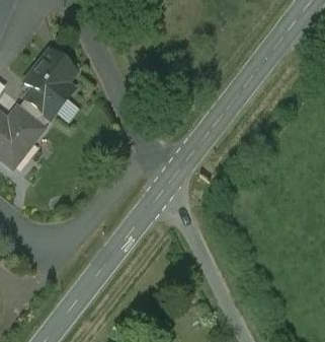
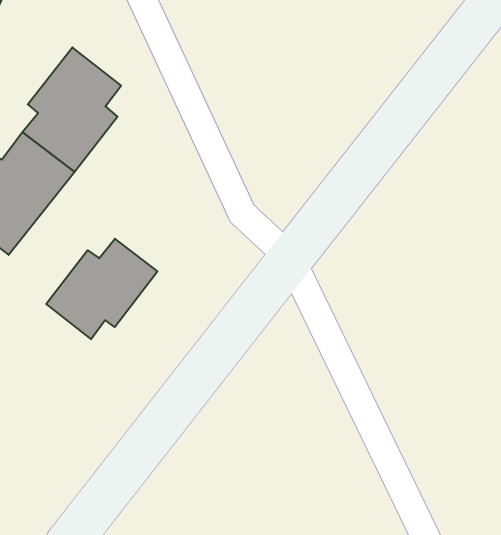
building: none -> [46,239,157,339]

